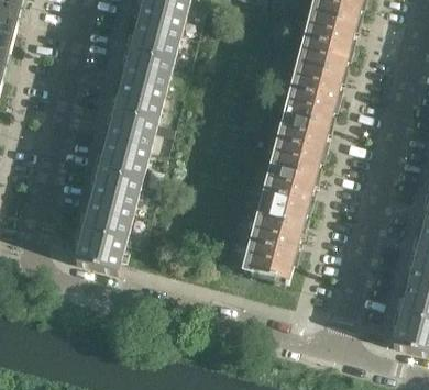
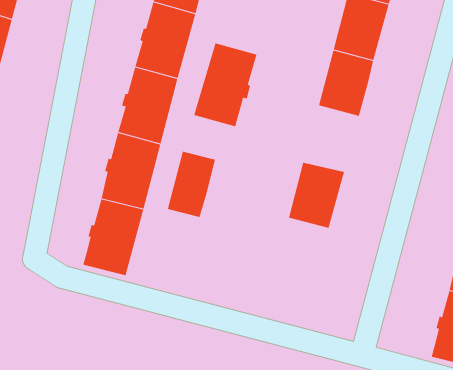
building: none -> [194,43,257,127]
building: [276,114,328,175] -> none
building: none -> [167,151,215,218]
building: [250,216,300,278] -> none

